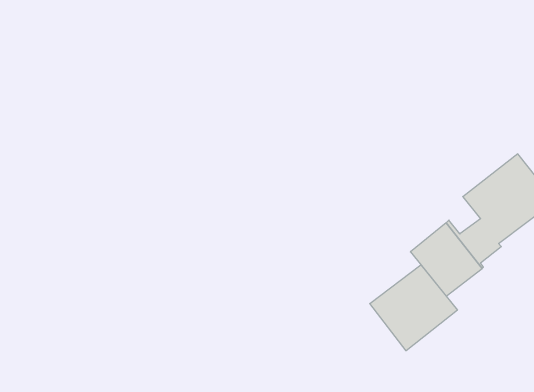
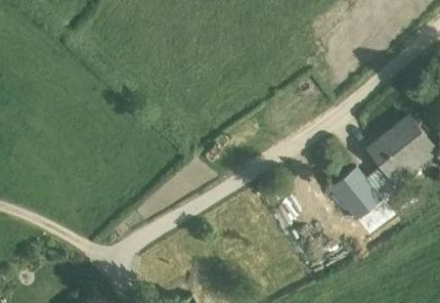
building: [370,265,457,351] -> none

